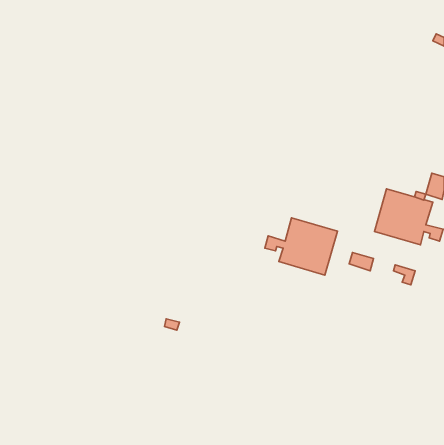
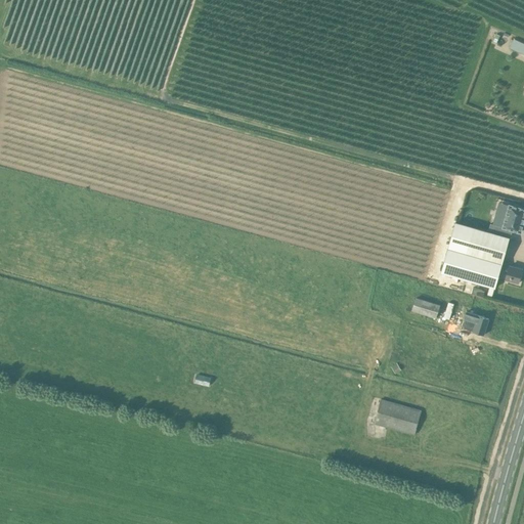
building: [265,218,338,275] -> none
building: none -> [374,401,421,436]

